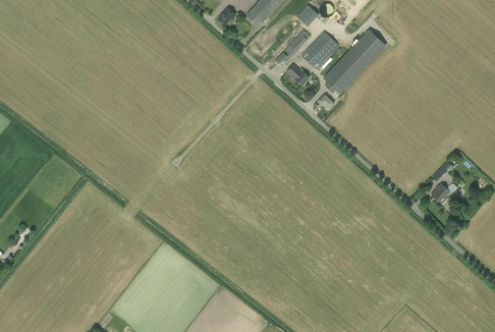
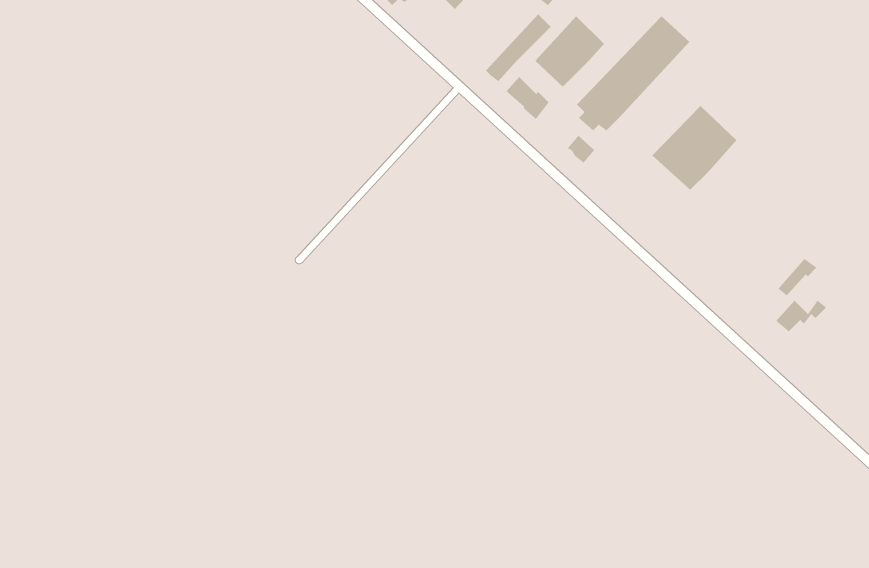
building: none -> [651,105,737,190]

